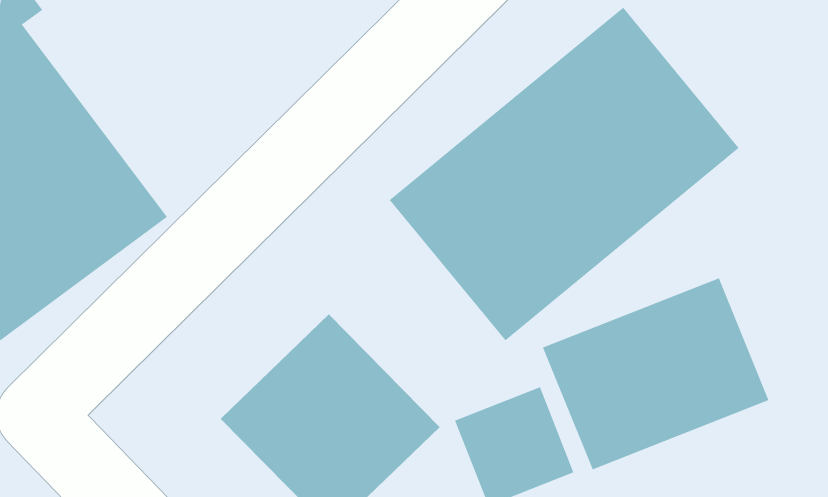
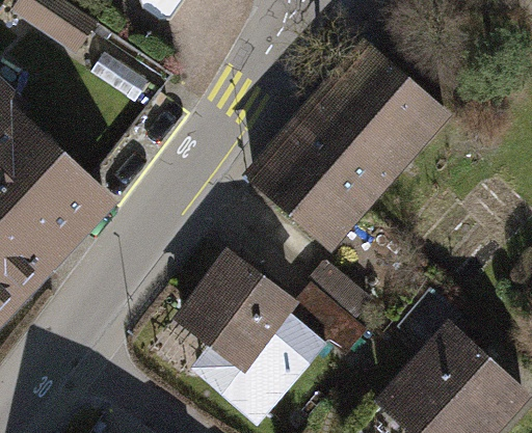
building: [542,278,769,470] -> none

